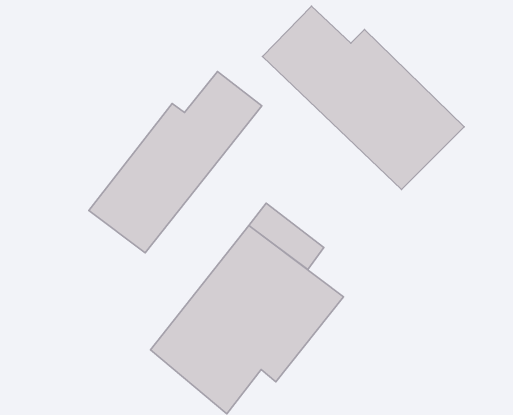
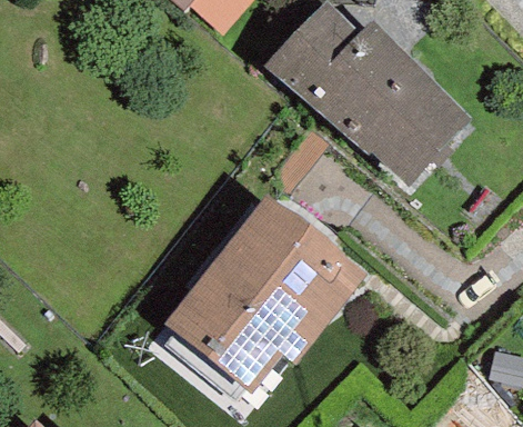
building: [89,72,262,253] -> none

